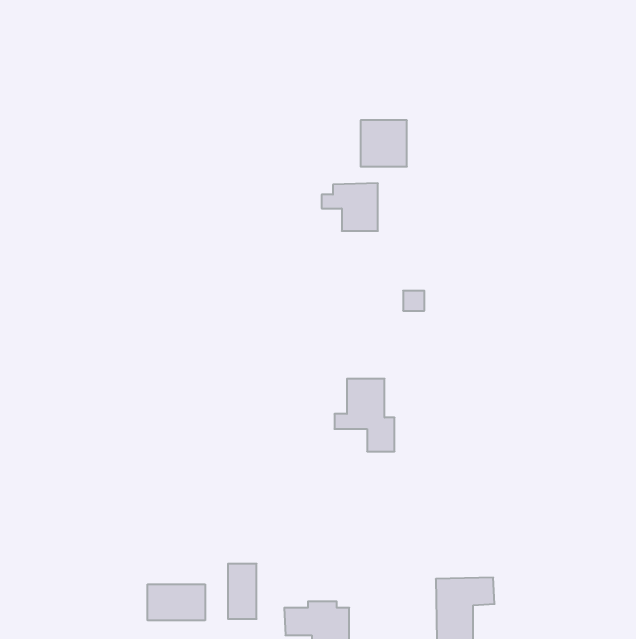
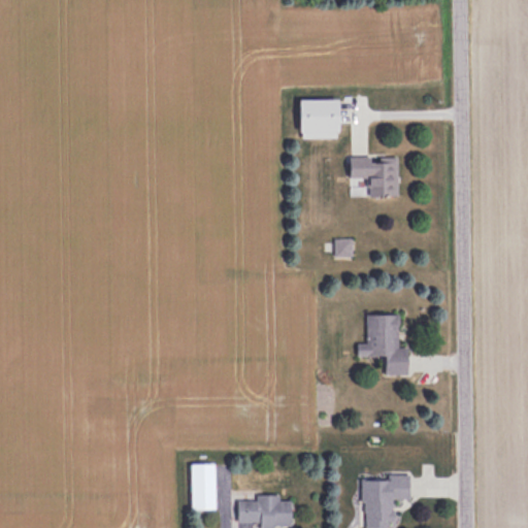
building: [322,183,378,231] -> [352,158,398,197]
building: [334,379,395,451] -> [358,316,407,375]
building: [148,584,205,620] -> none

